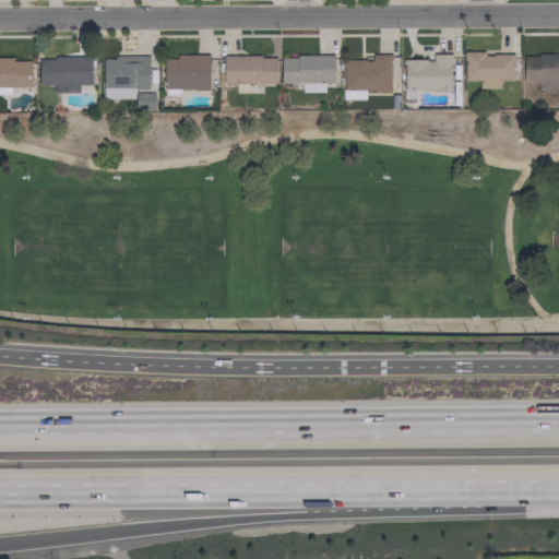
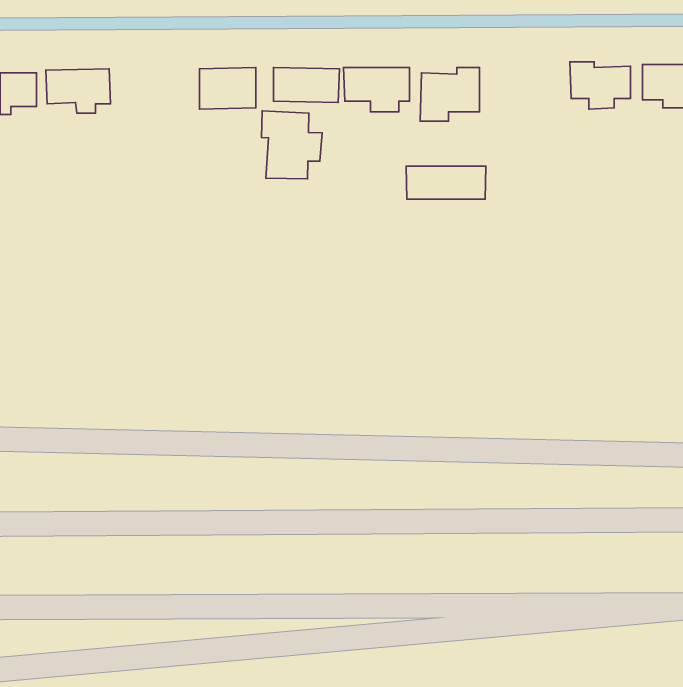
building: [406,55,454,91] -> none
building: [105,57,152,99] -> none
building: none -> [261,111,322,179]
building: none -> [406,166,486,199]

